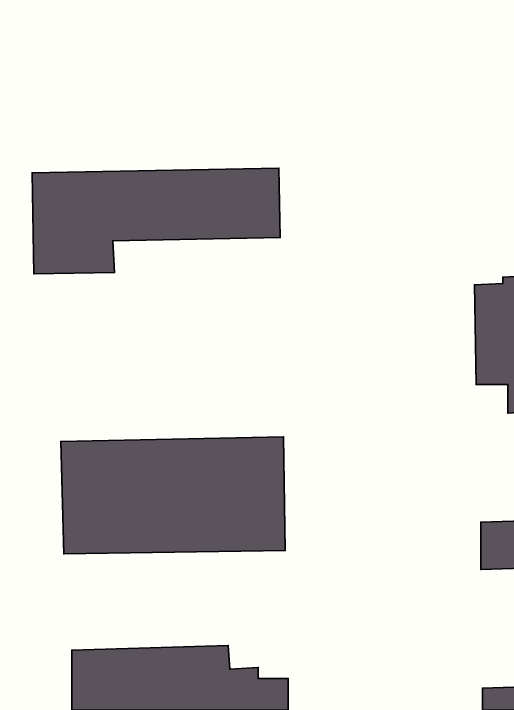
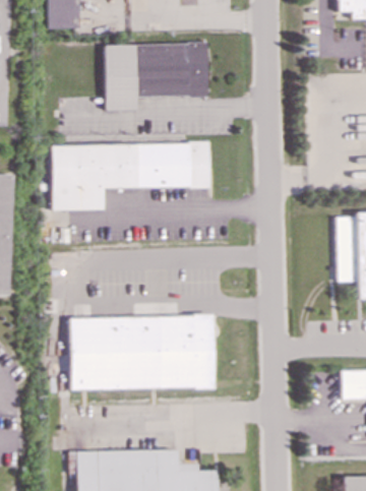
building: none -> [106,42,209,110]

